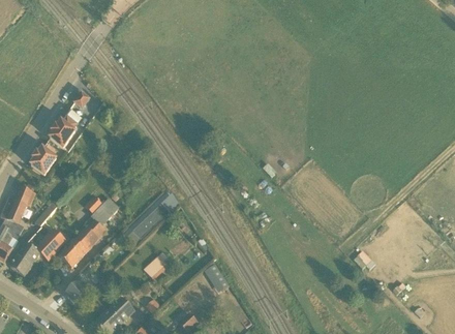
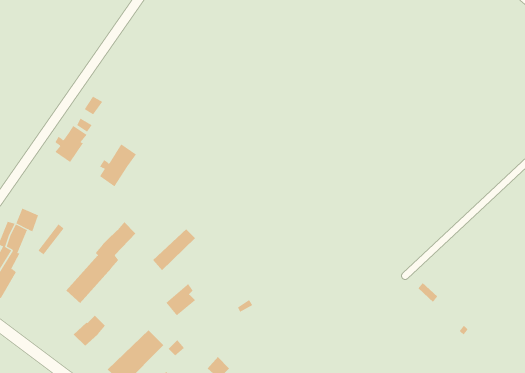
building: [31,138,63,175] -> [99,143,137,187]
building: [10,229,66,275] -> none

